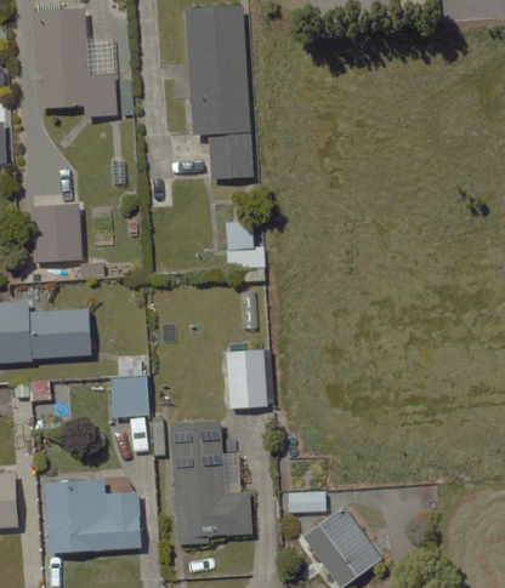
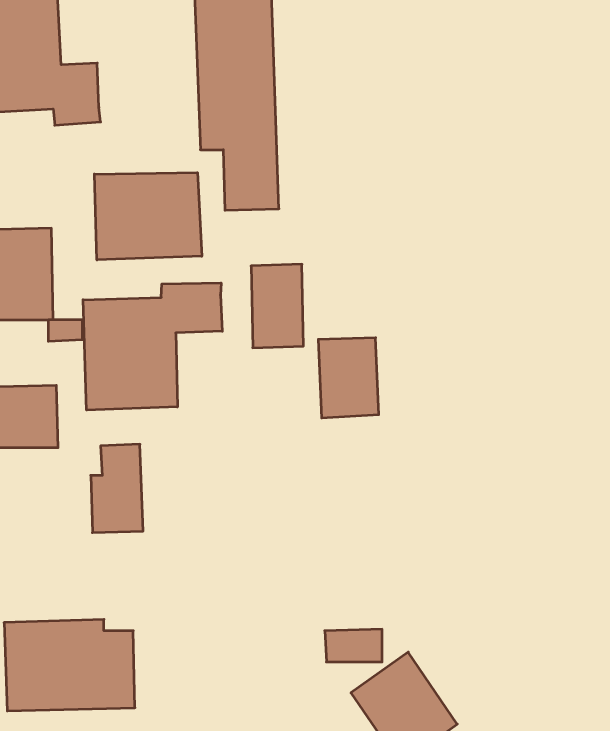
building: none -> [94,173,202,260]
building: none -> [83,283,222,410]
building: [225,348,269,407] -> [318,338,379,418]
building: [172,422,255,546] -> none

